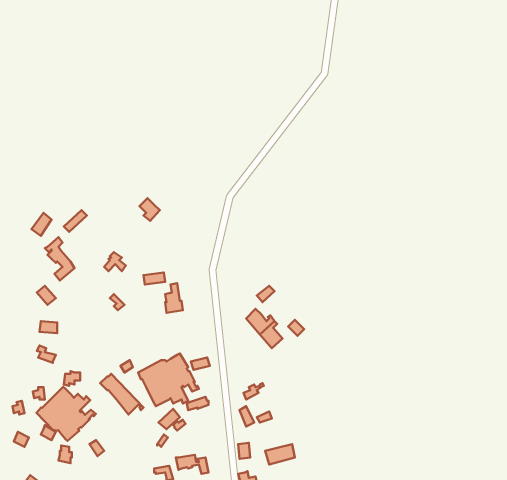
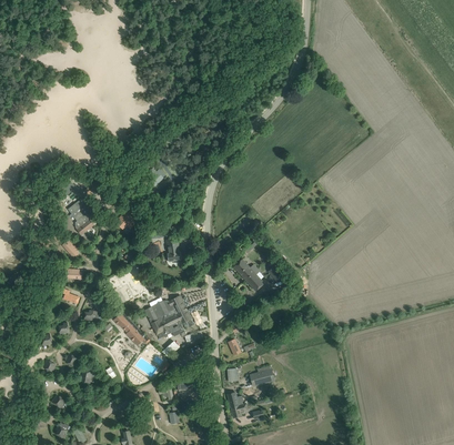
building: [36,387,96,441] -> none

